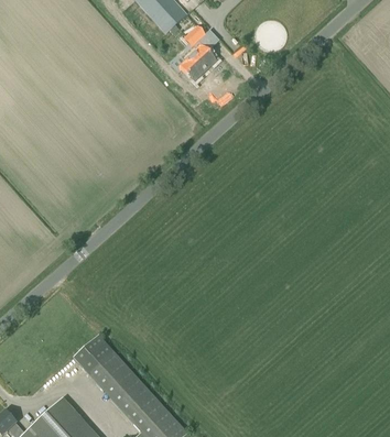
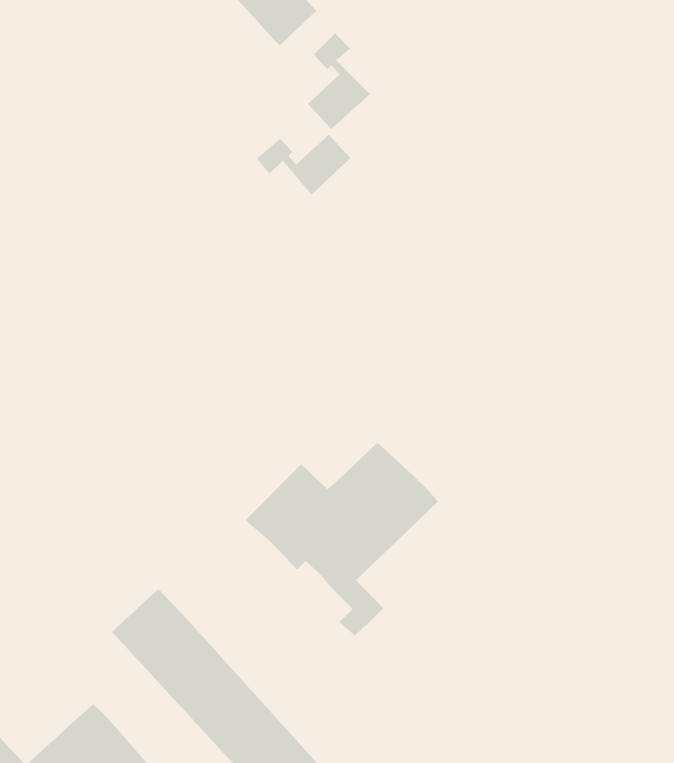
building: none -> [256,134,351,196]
building: none -> [244,442,439,636]

